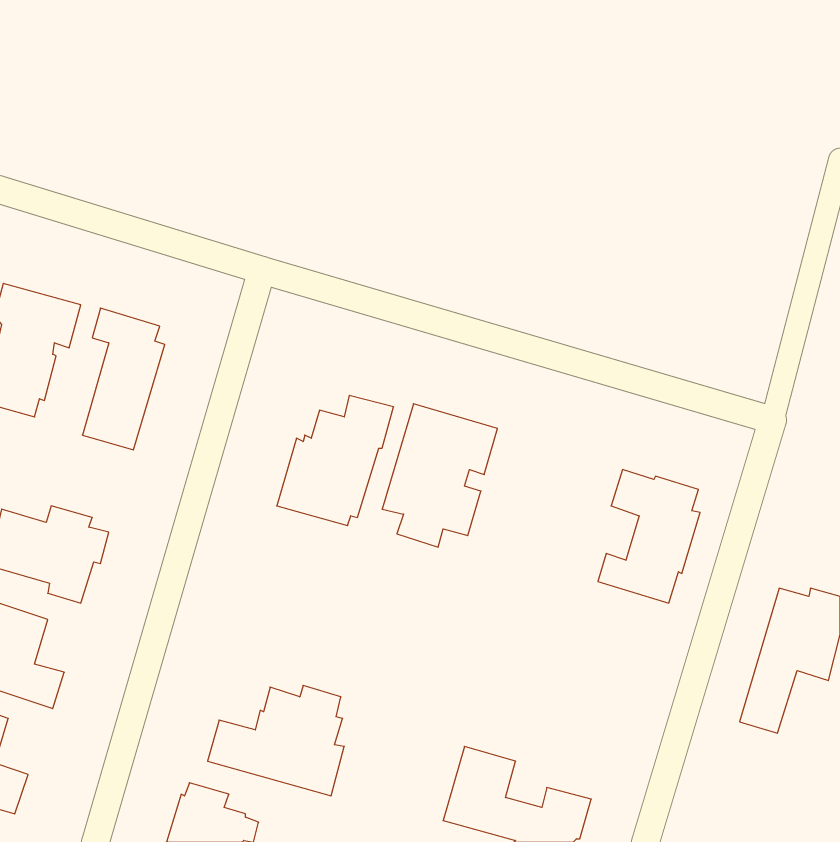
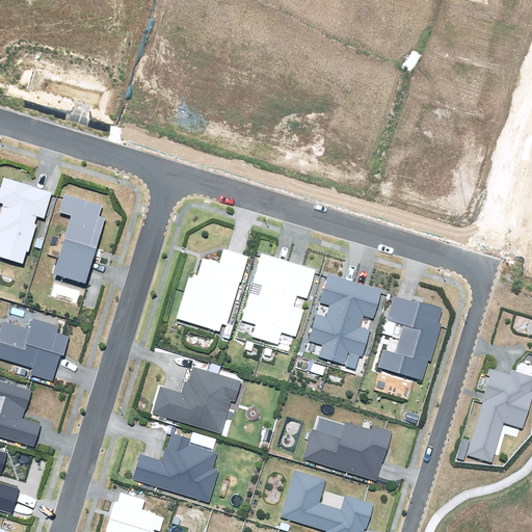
building: none -> [309,273,381,369]
building: none -> [151,368,240,433]
building: none -> [302,419,392,481]

